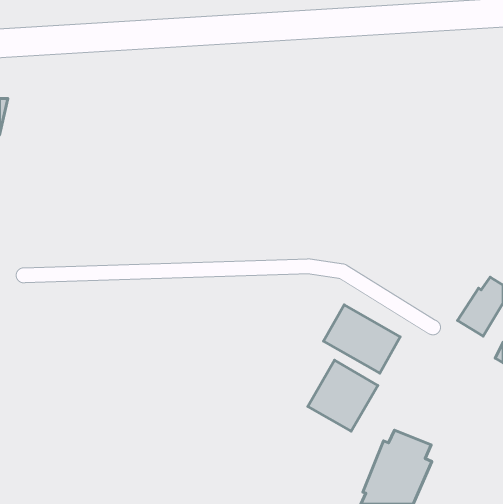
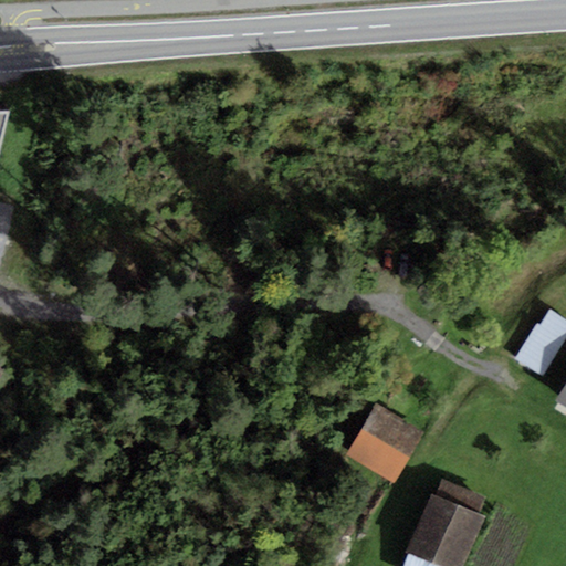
building: [323,305,400,373] -> none

